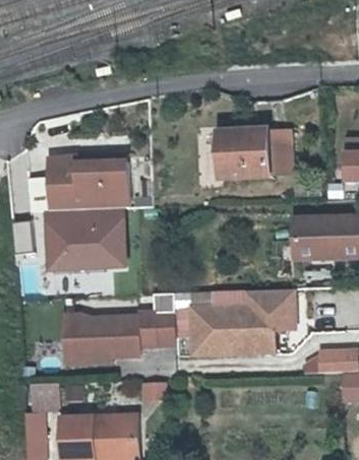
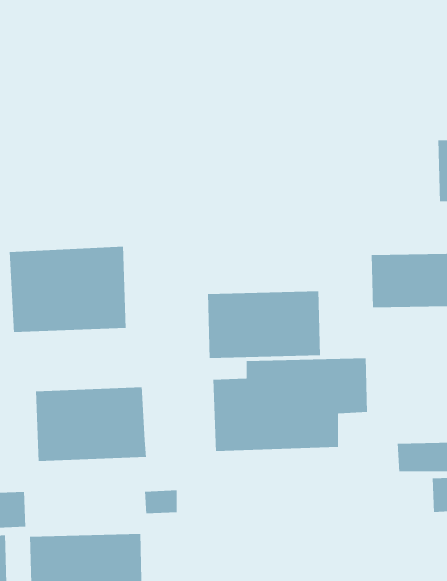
building: [215,130,294,178] -> [207,291,321,359]
building: [45,153,126,207] -> none
building: [137,309,172,348] -> none

